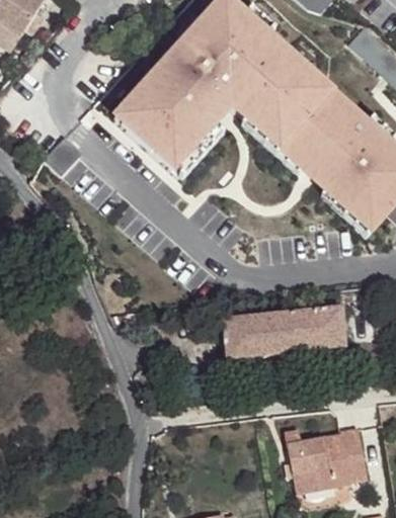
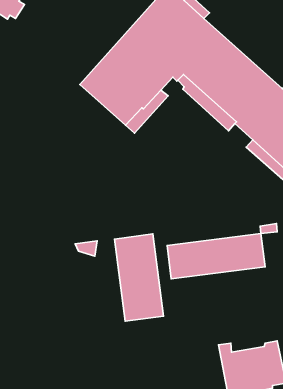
building: none -> [115,234,164,321]

